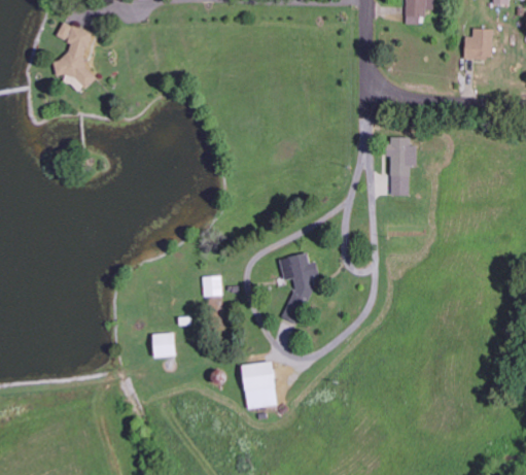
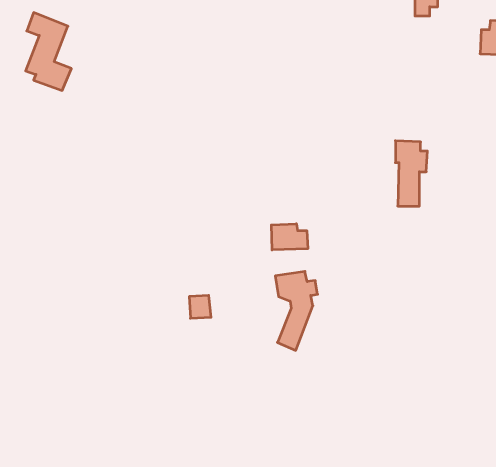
building: none -> [271,224,308,250]
building: [152,333,175,357] -> none
building: [242,362,277,408] -> none

